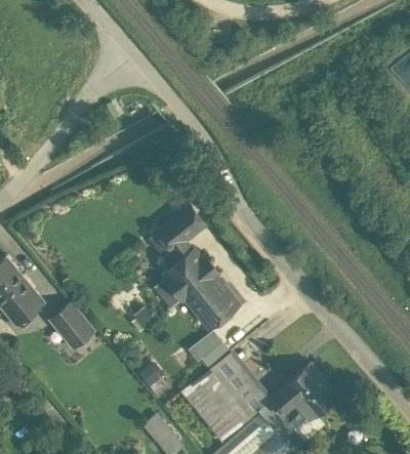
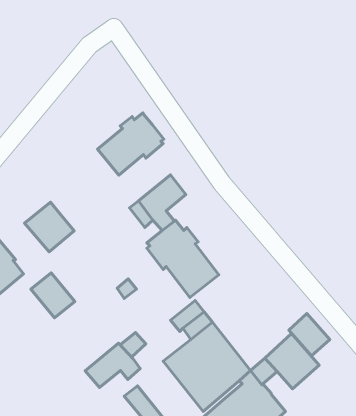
building: none -> [98,113,164,175]
building: none -> [25,202,74,252]
building: none -> [289,314,330,356]
building: none -> [85,343,140,388]

